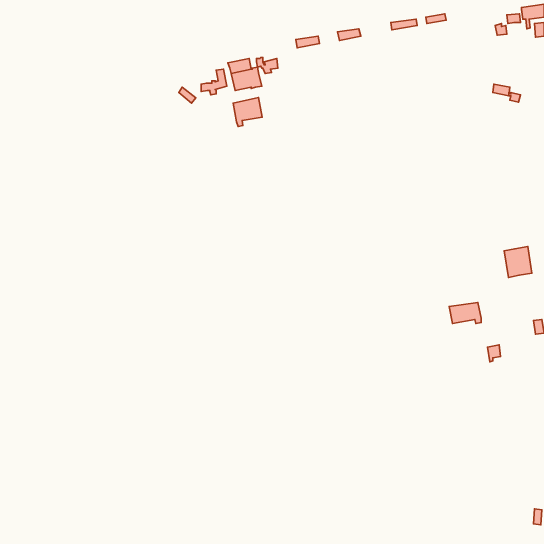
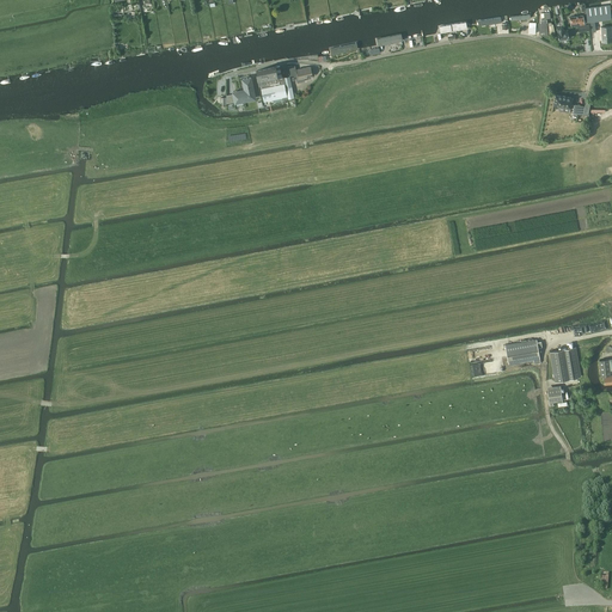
building: [233,97,262,126] -> none
building: [504,247,532,277] -> [550,347,581,381]

